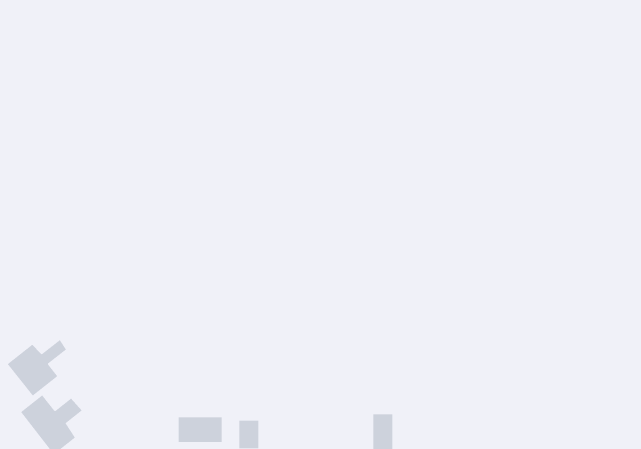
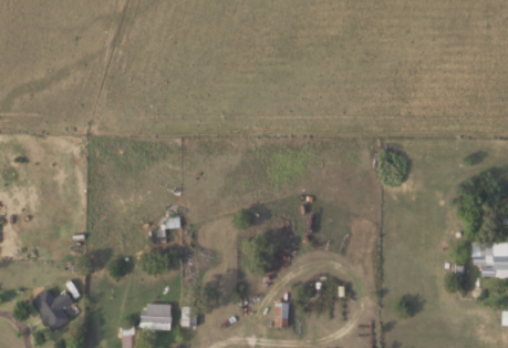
building: [7,339,67,396] -> none

